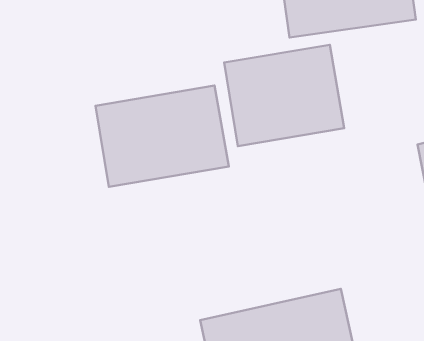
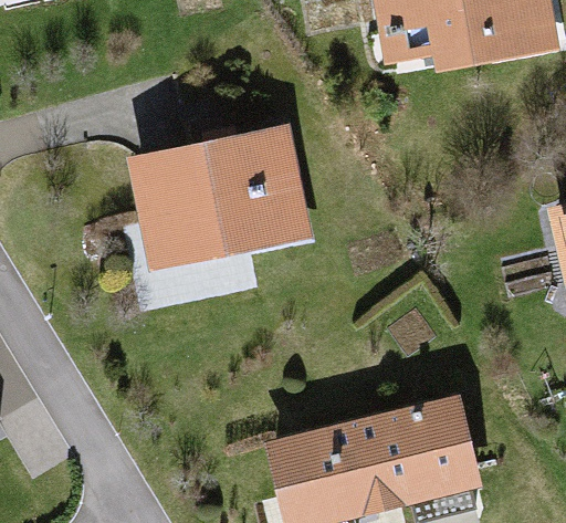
building: [224,45,344,146] -> none

